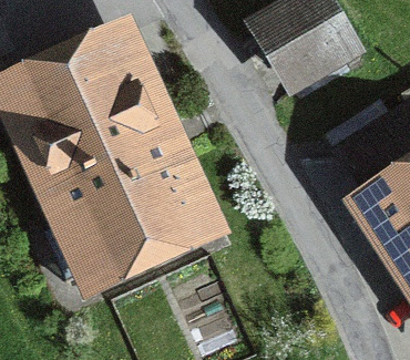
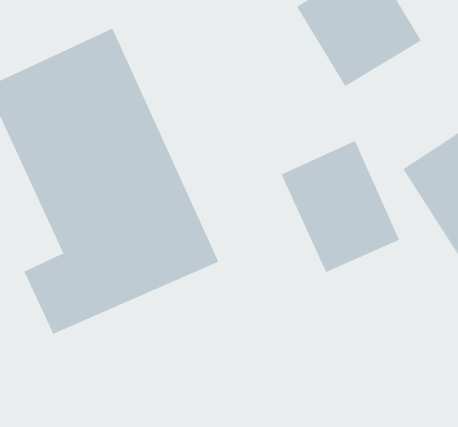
building: none -> [281,140,400,273]

